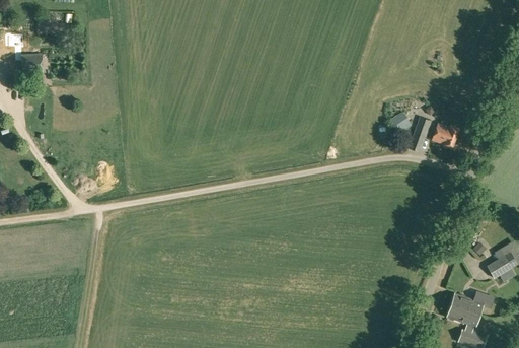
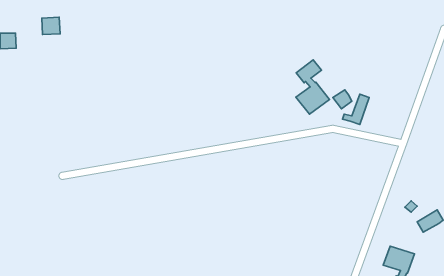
building: [21,53,43,73] -> [42,17,60,35]
building: none -> [296,60,330,114]
building: [432,122,459,147] -> none

